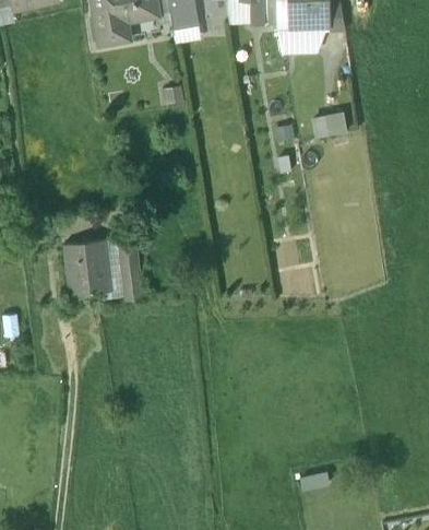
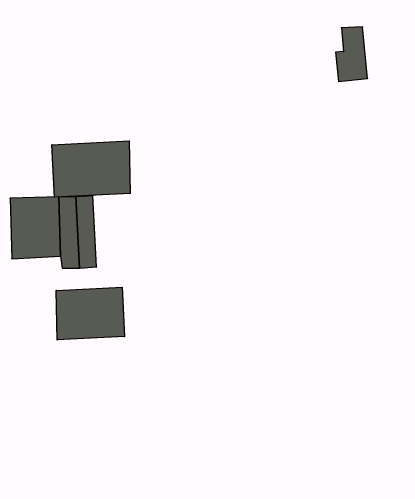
building: none -> [52,141,130,197]
building: none -> [56,287,125,340]

